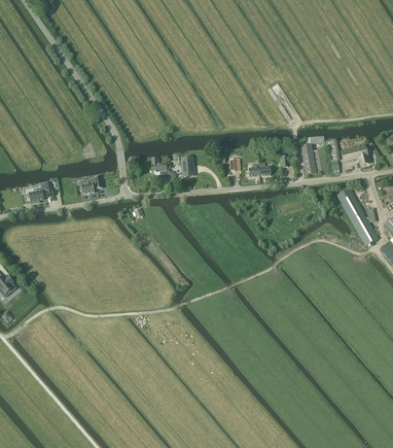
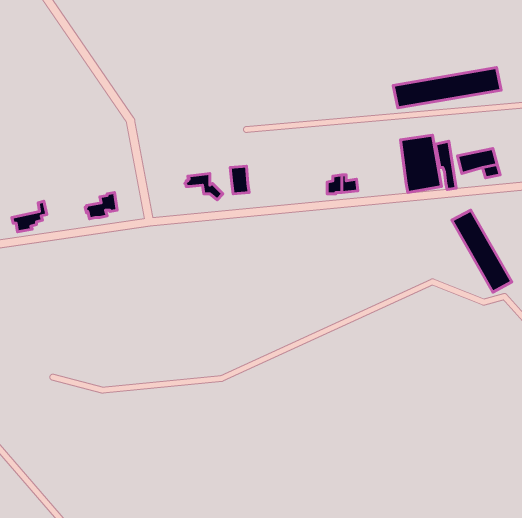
building: none -> [393,68,501,108]

